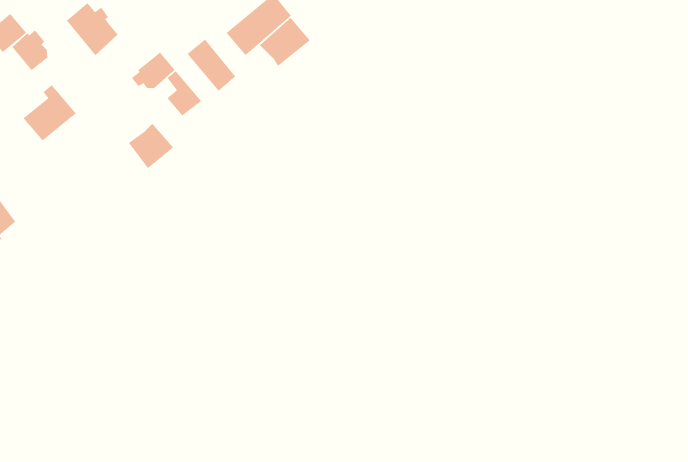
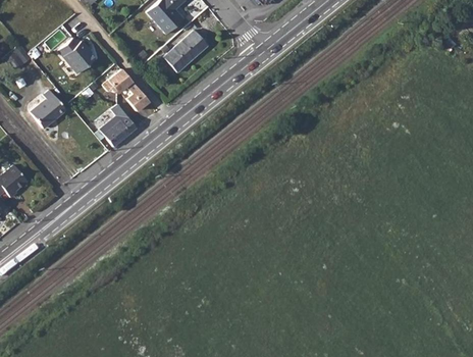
building: [259,17,311,67] -> none
building: [11,30,48,71] -> none
building: [186,38,236,92] -> none

